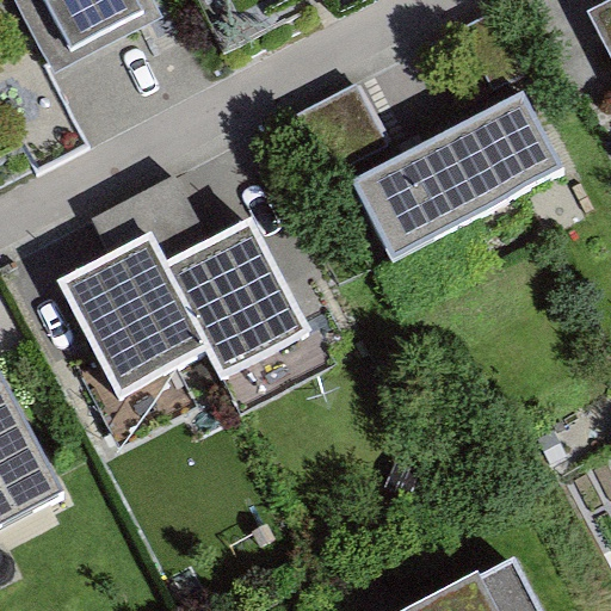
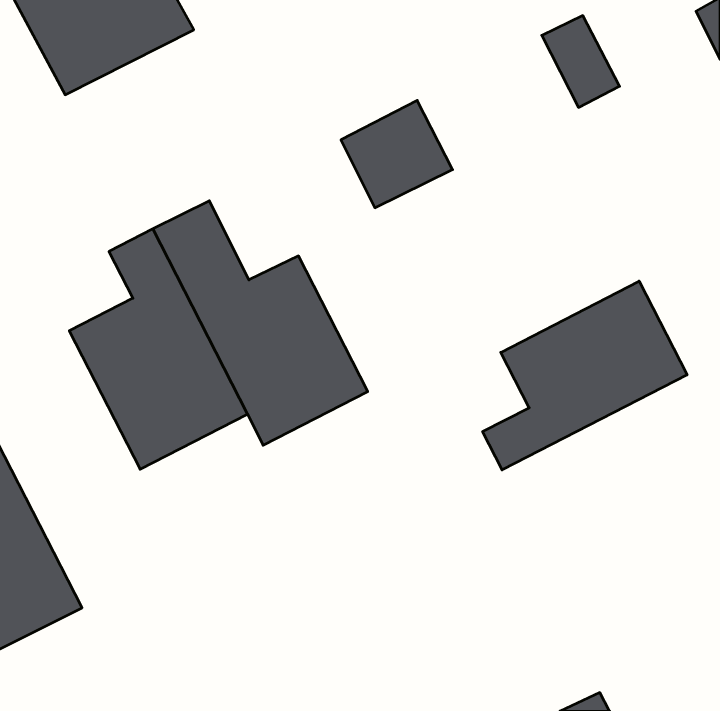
building: [351,91,563,259] -> none
building: none -> [483,281,687,470]

